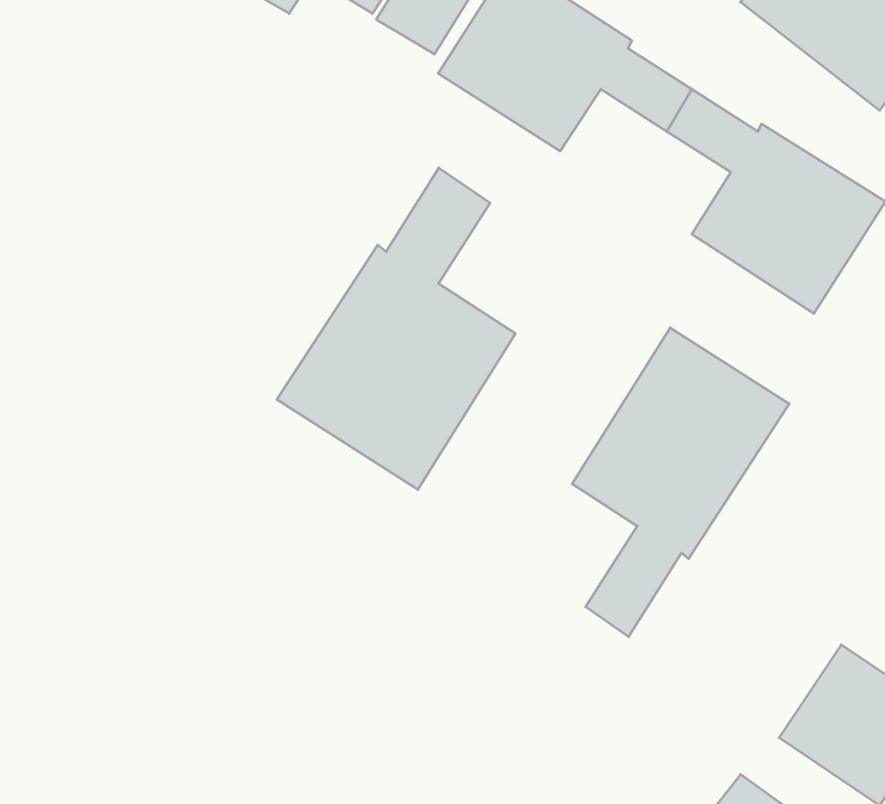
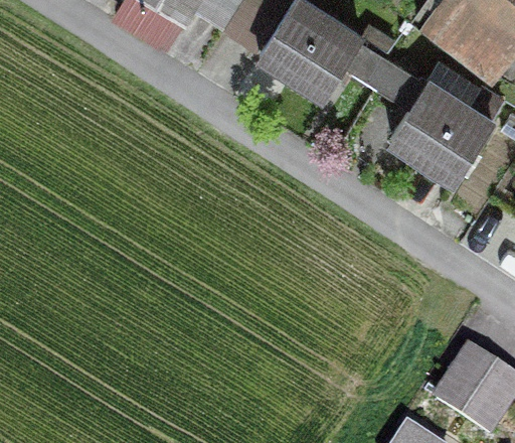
building: [277,168,515,490] -> none
building: [572,328,789,637] -> none

